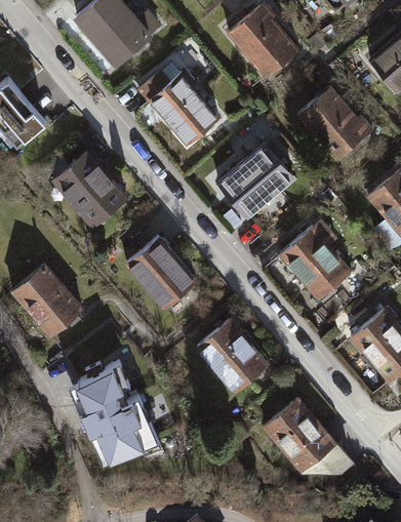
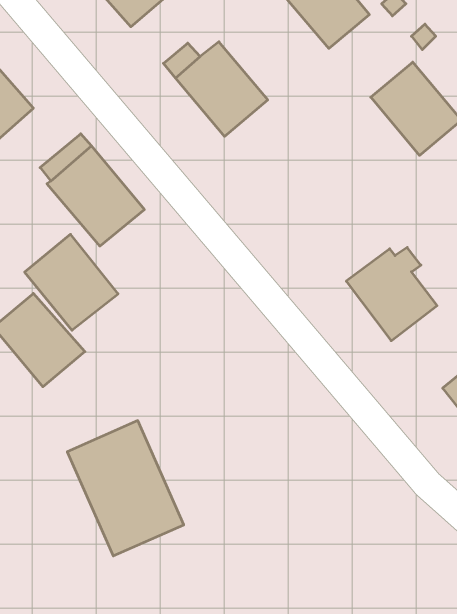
building: [218,148,290,216] -> none
building: [125,236,196,309] -> [25,234,118,330]
building: [197,319,267,391] -> none
building: [265,400,350,474] -> none

